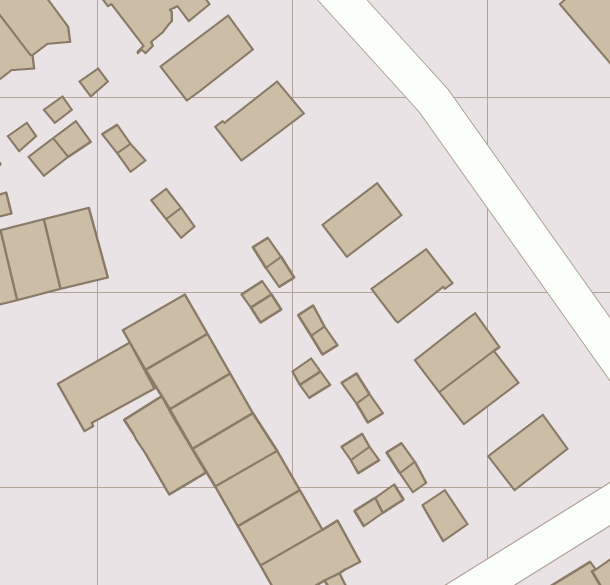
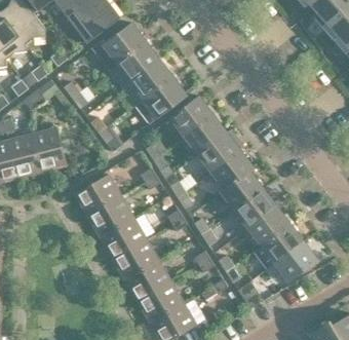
building: none -> [109,41,158,86]
building: none -> [135,76,186,122]
building: none -> [169,96,212,137]
building: none -> [196,129,242,172]
building: none -> [219,171,262,211]
building: [58,343,154,431] -> none
building: none -> [260,223,303,263]
building: [124,396,206,494] -> none

